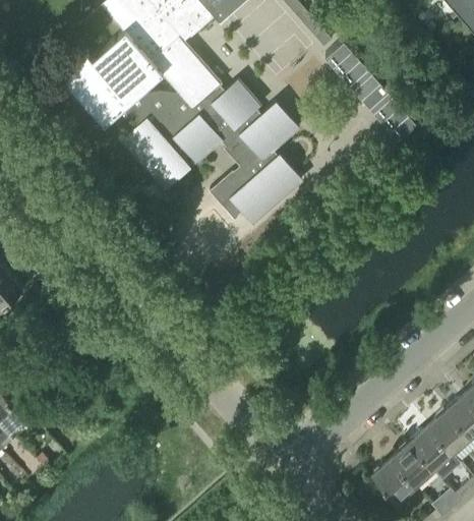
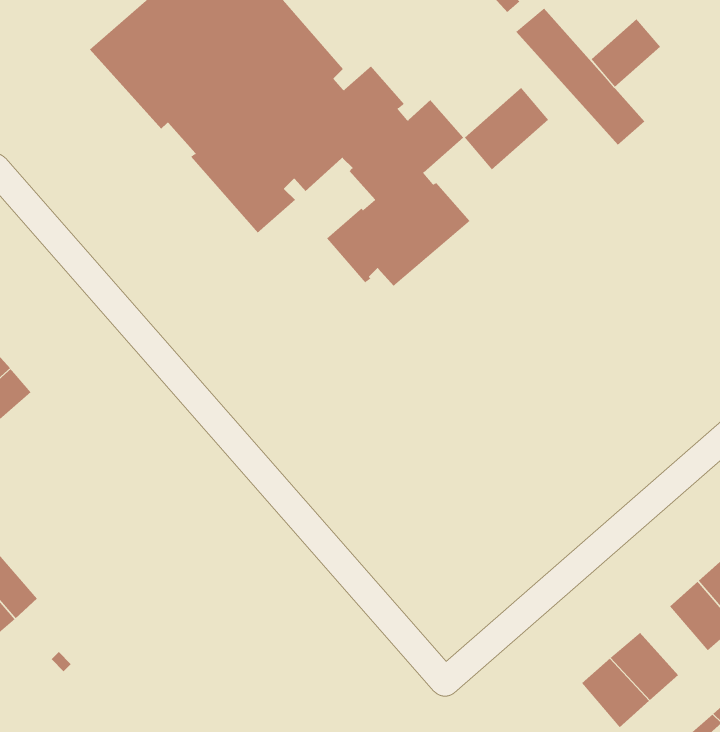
building: none -> [591,19,661,88]
building: none -> [464,87,549,170]
building: [410,425,453,469] -> none

